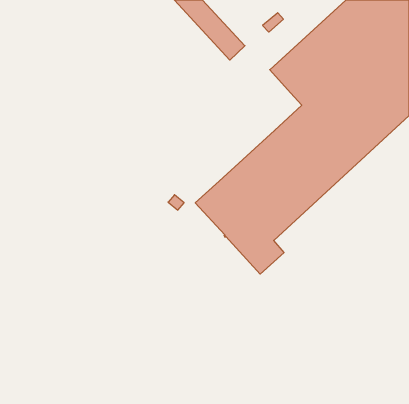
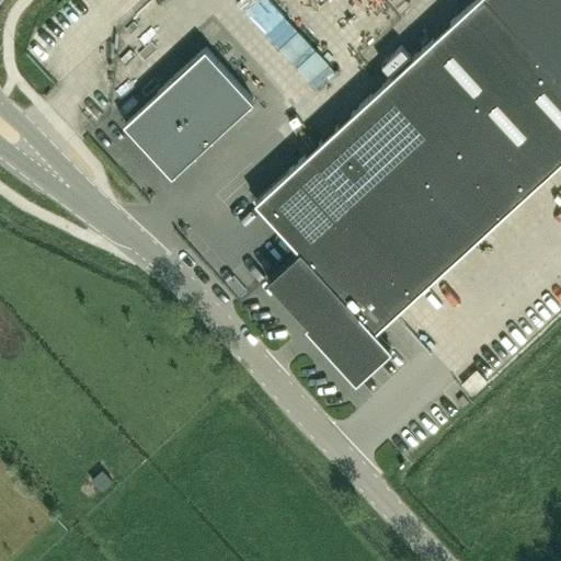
building: none -> [124,55,253,182]
building: none -> [254,103,413,255]

